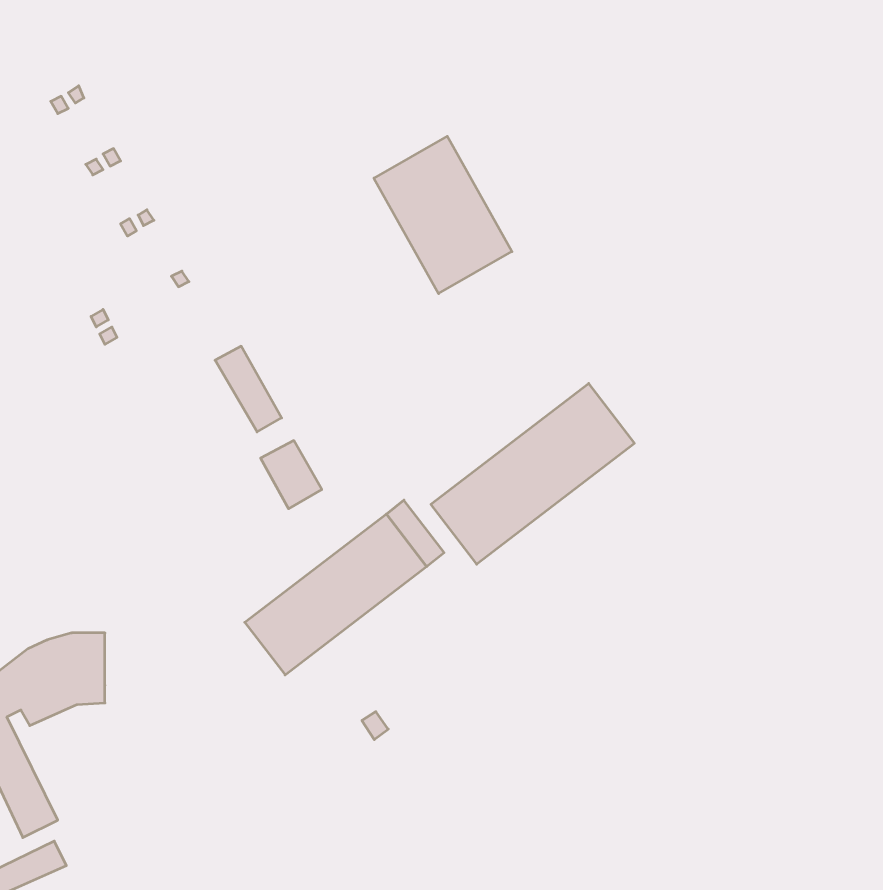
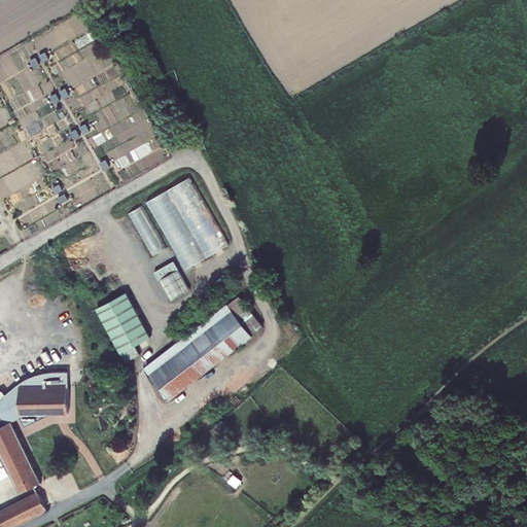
building: [374,136,512,294] -> [146,177,227,270]
building: [431,383,634,564] -> none
building: none -> [96,292,149,362]

